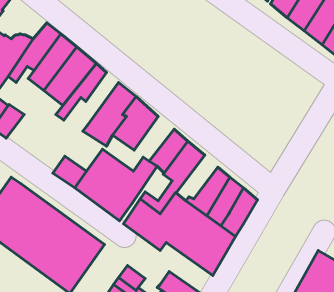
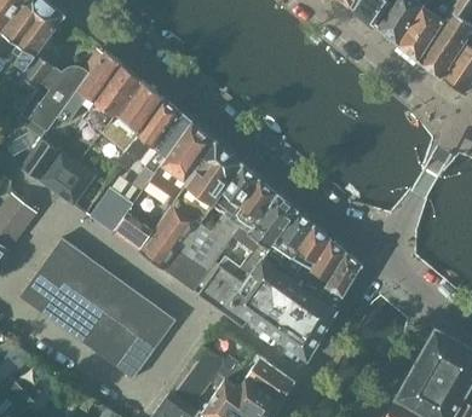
building: none -> [139,111,192,175]
building: none -> [56,162,94,204]
building: none -> [212,164,260,219]
building: none -> [90,187,134,233]
building: none -> [263,213,313,267]

